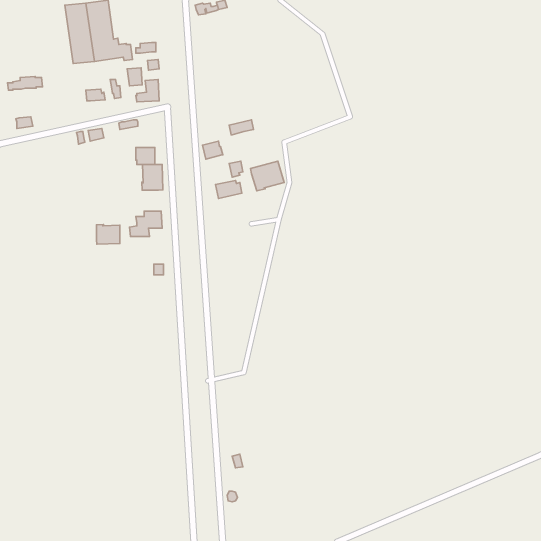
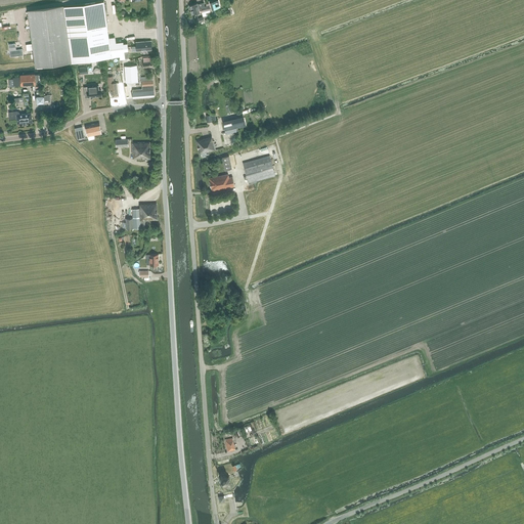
building: none -> [27,6,71,68]
building: [142,164,163,190] -> none
building: [96,225,120,244] -> none

